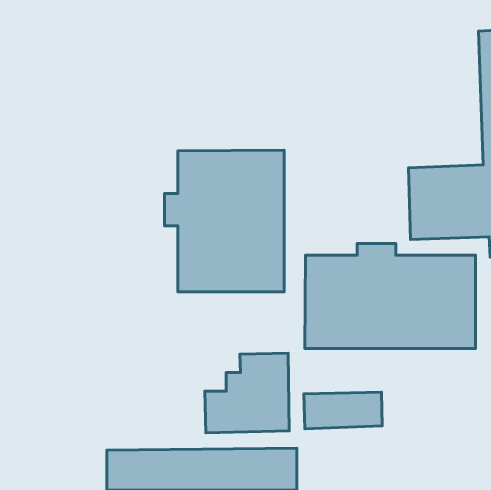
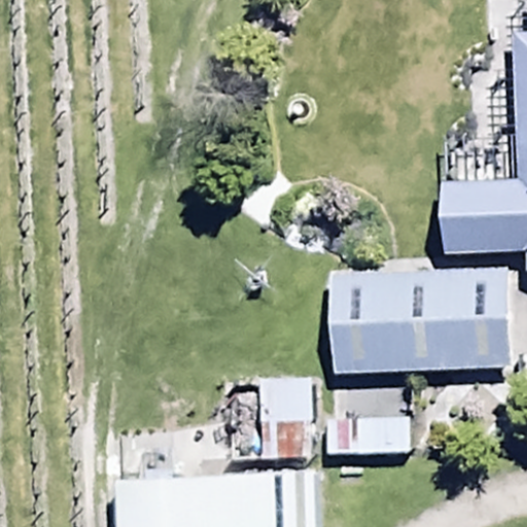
building: [165,150,284,292] -> none

